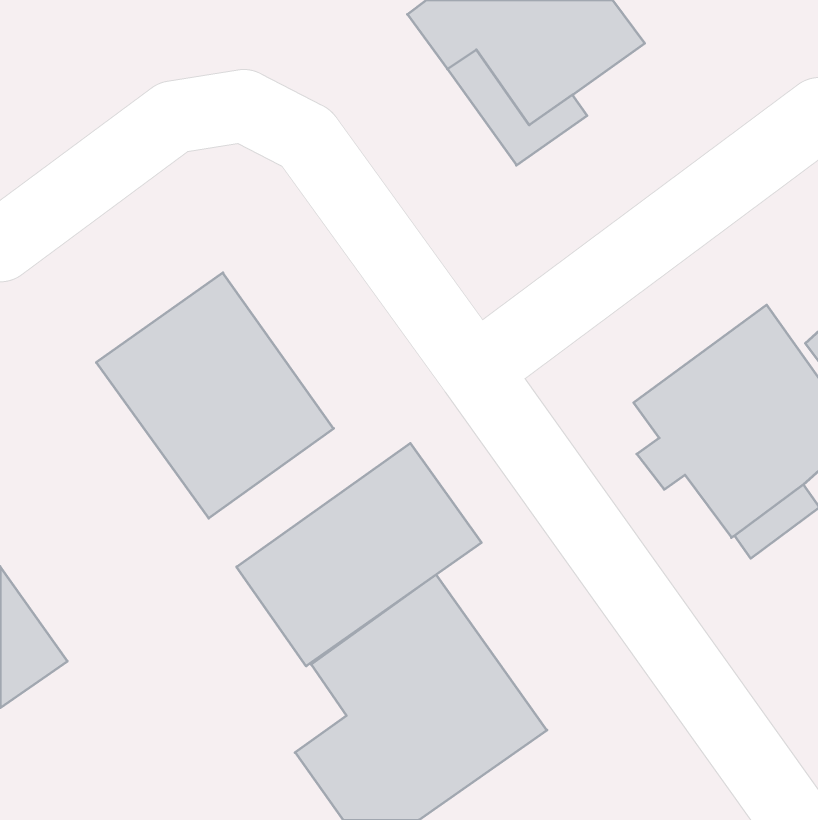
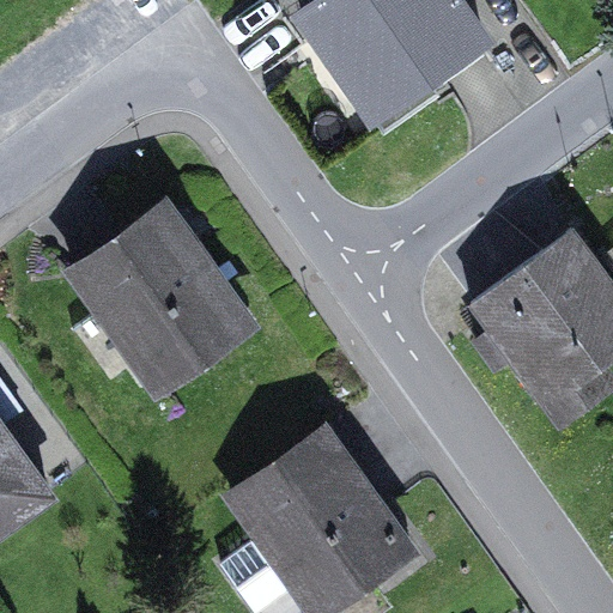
building: [237,443,481,666] -> none

